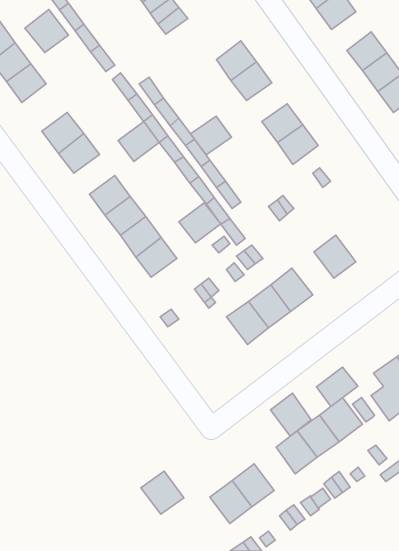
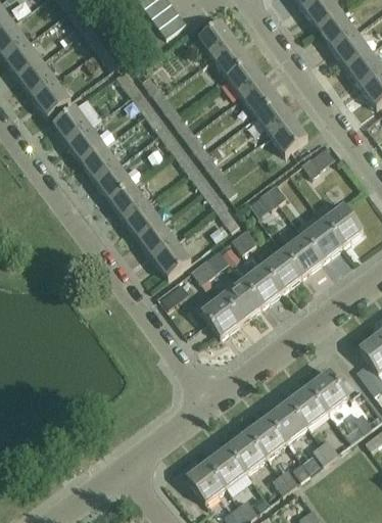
building: [25,10,68,52] -> none
building: none -> [319,13,355,49]
building: none -> [197,20,235,57]
building: none -> [33,80,70,116]
building: [191,116,232,155] -> [240,79,278,114]
building: [118,122,159,161] -> [81,145,118,182]
building: [179,203,221,243] -> [152,241,191,278]
building: none -> [323,204,363,244]
building: none -> [282,235,321,275]
building: none -> [201,295,241,336]
building: [317,367,358,406] -> none
building: [270,393,311,436] -> [247,416,285,456]
building: [141,471,184,514] -> [185,462,225,502]

